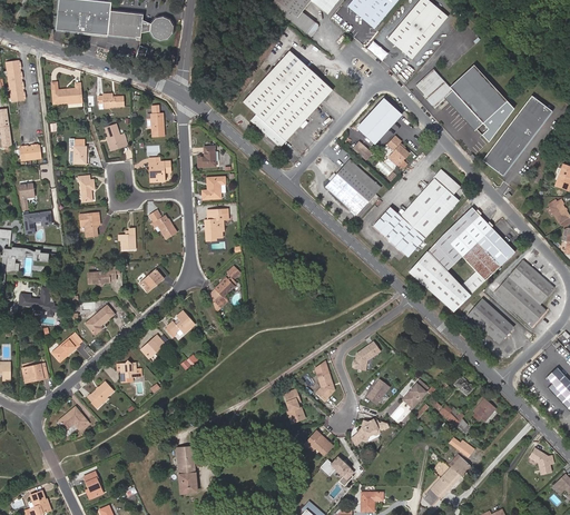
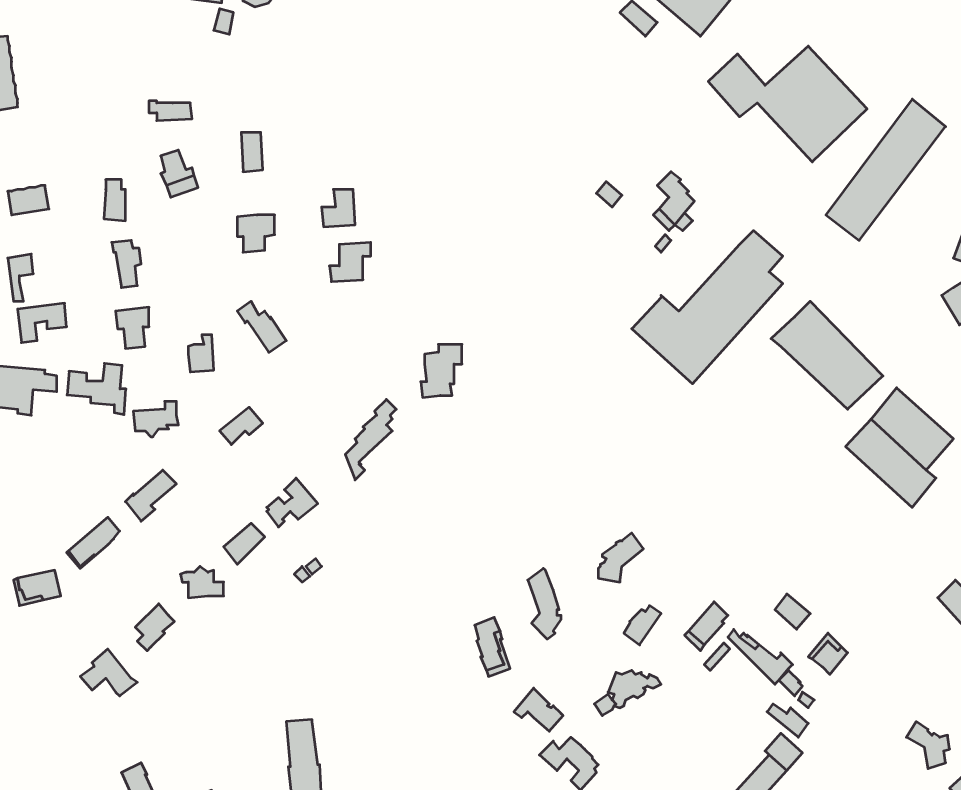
building: [243,50,333,147] -> none
building: [51,81,82,103] -> none
building: [356,96,403,143] -> none
building: [325,159,381,214] -> none
building: [409,206,495,310] -> none
building: [205,208,228,238] -> [421,344,462,397]
building: [20,286,53,315] -> [67,363,126,415]
building: [466,298,514,343] -> none

